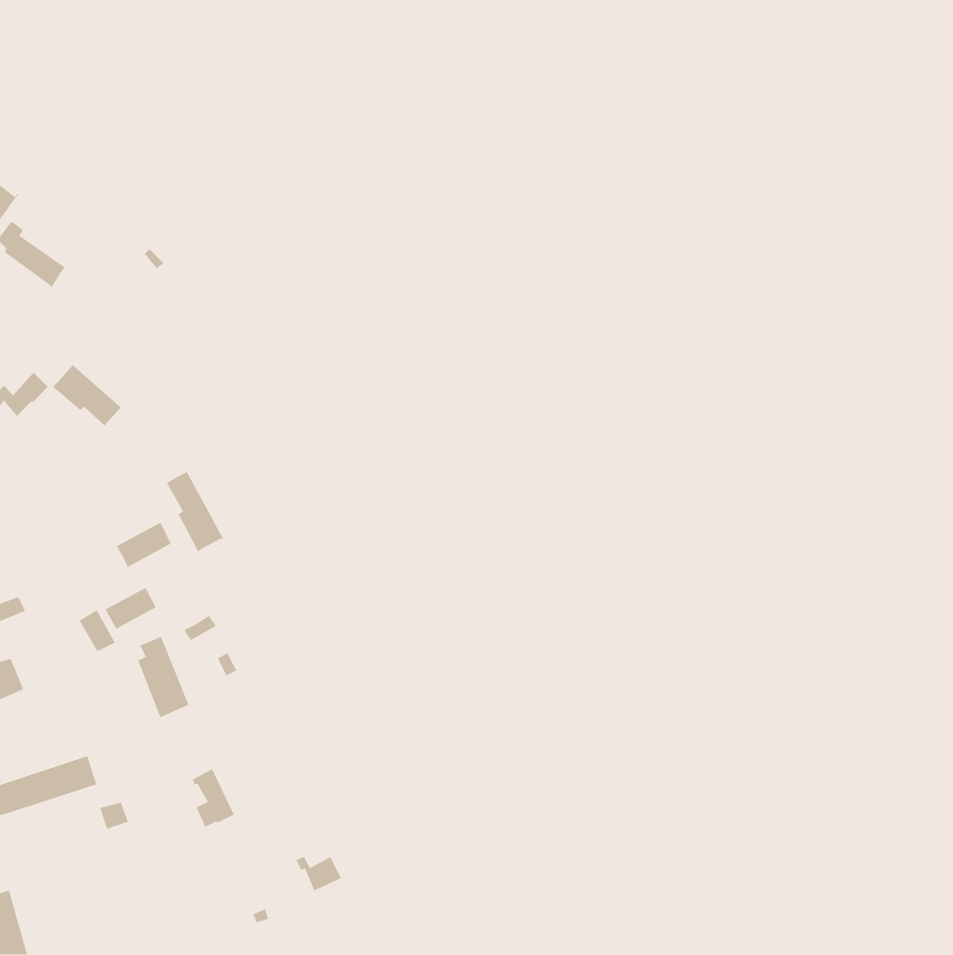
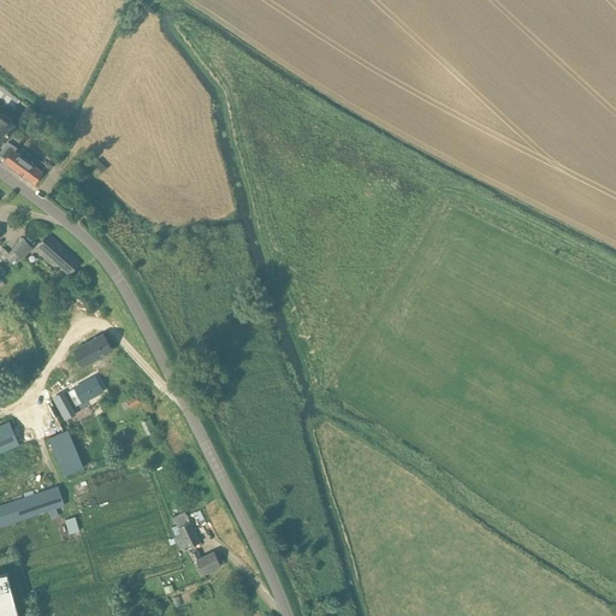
building: [166,471,223,552] -> none
building: [137,636,190,718] -> [48,422,82,475]
building: [192,768,235,828] -> [171,513,199,551]

